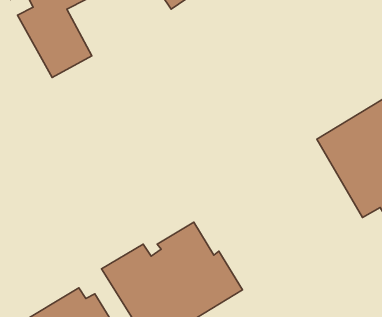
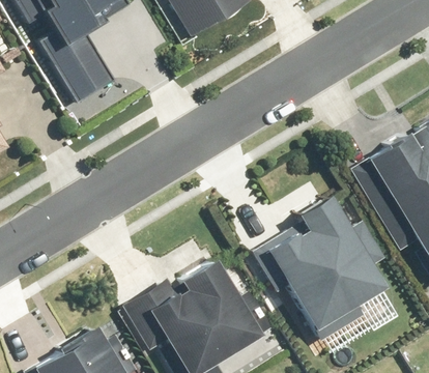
building: none -> [263,197,381,341]

